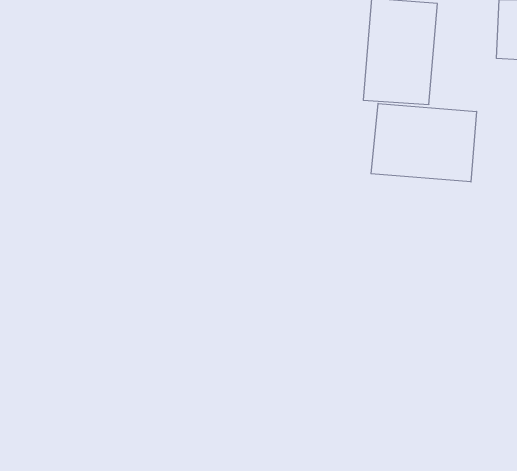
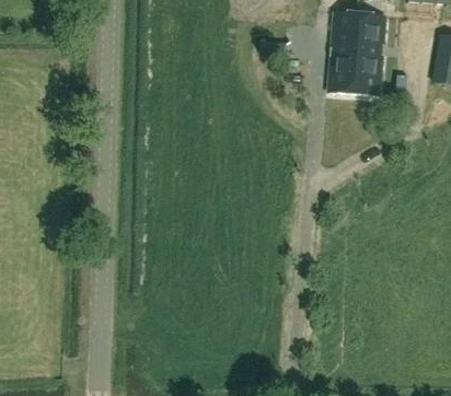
building: [371,103,477,182] -> none

